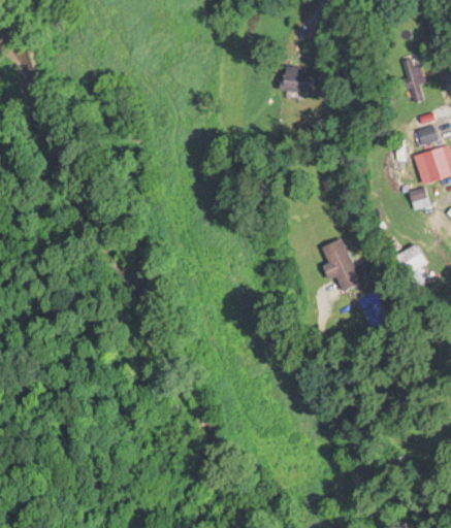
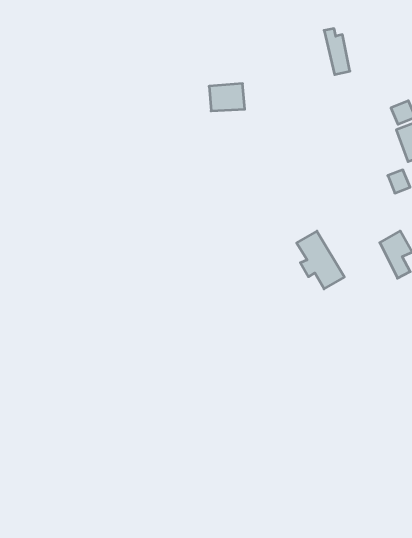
building: [404,59,424,101] -> [324,29,350,75]
building: [281,68,312,92] -> [209,84,245,111]

